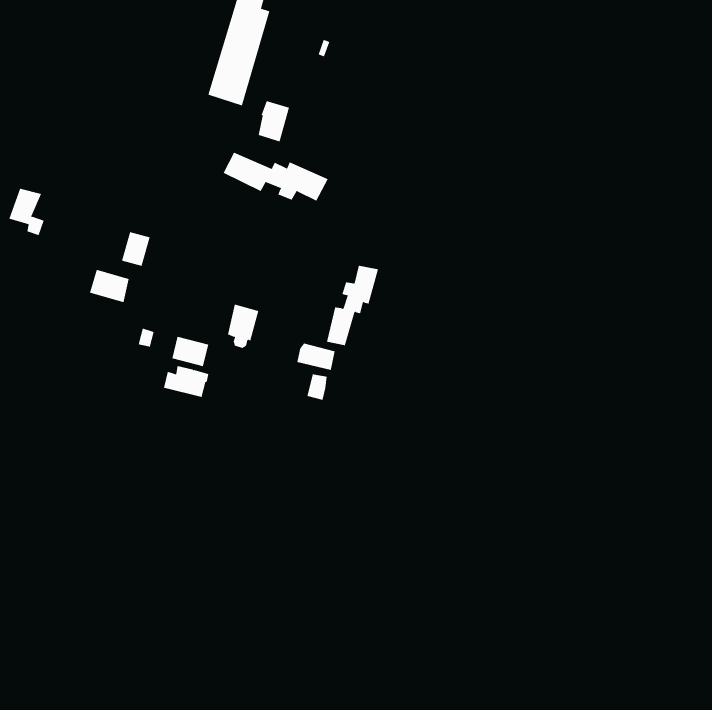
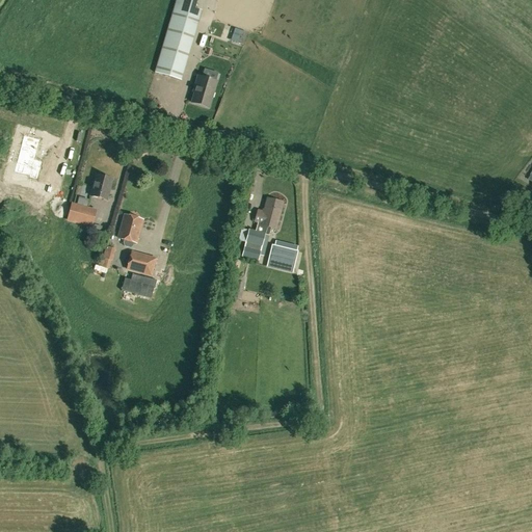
building: [223,152,329,202] -> none
building: [227,304,259,349] -> [118,213,142,246]
building: [297,343,336,371] -> [268,243,297,264]

